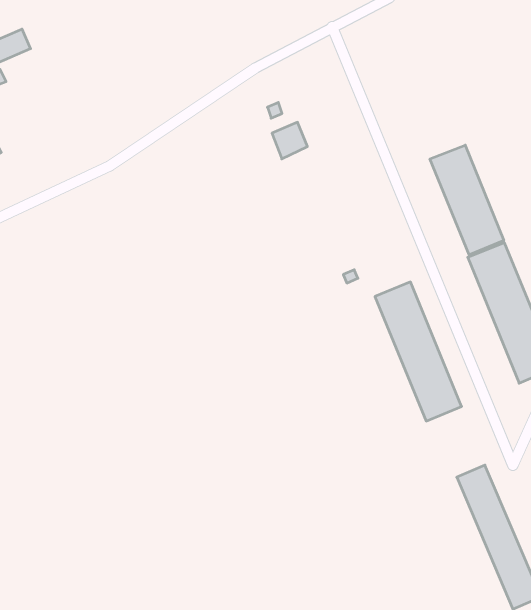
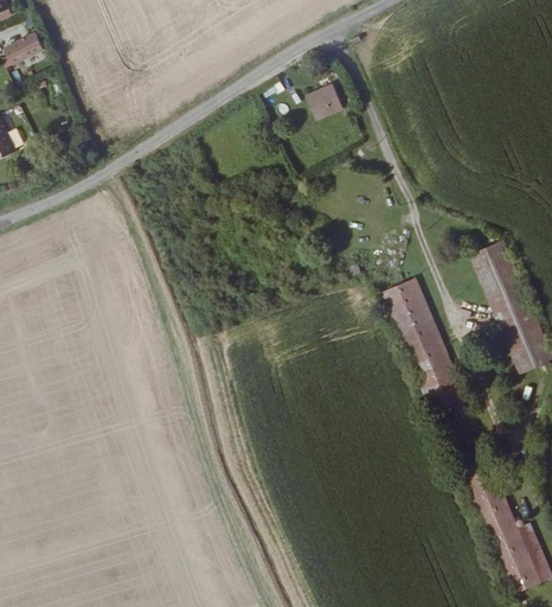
building: [272,122,307,159] -> [308,83,342,119]
building: [430,145,504,255] -> none

